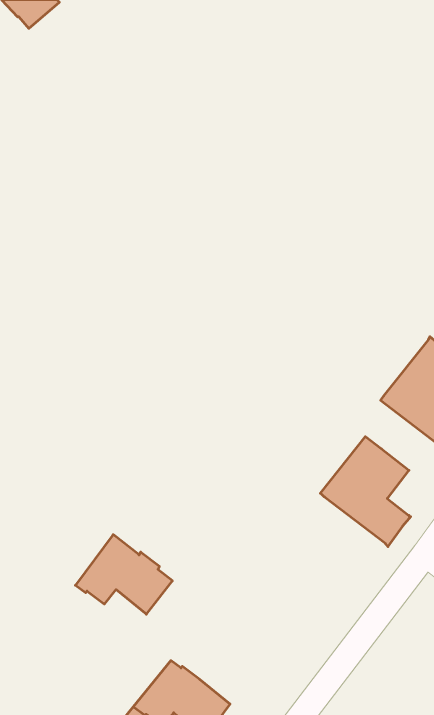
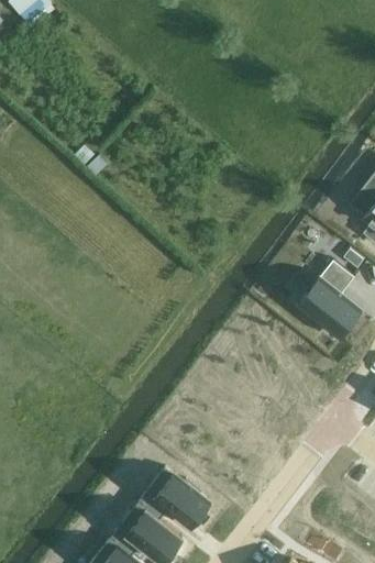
building: [320,437,411,547] -> none
building: [75,535,172,614] -> [137,466,211,527]

